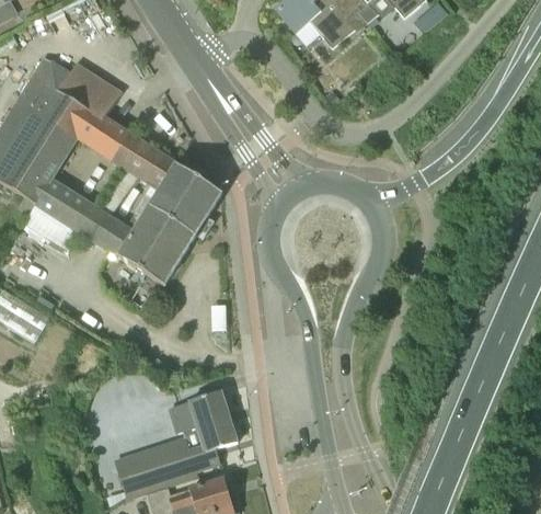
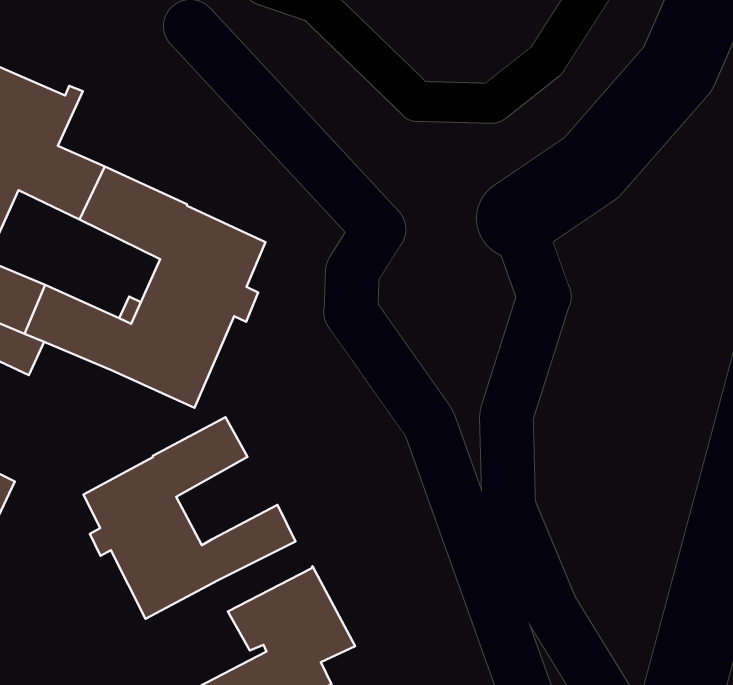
building: none -> [84,417,295,619]

